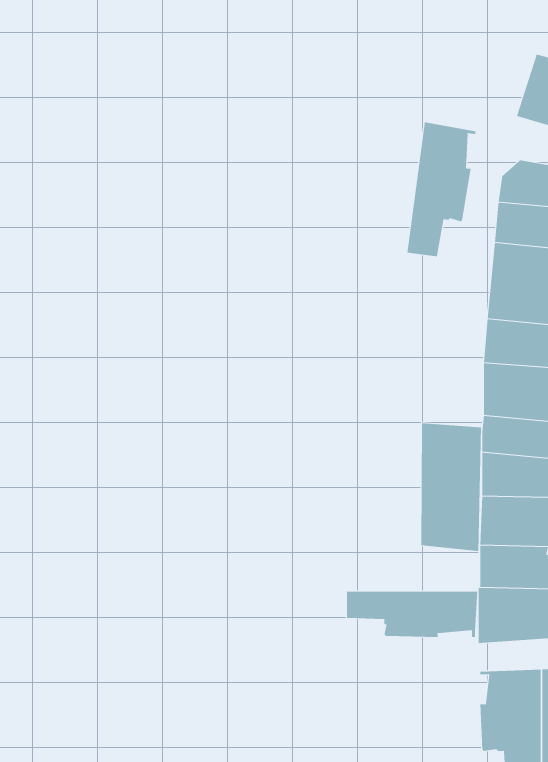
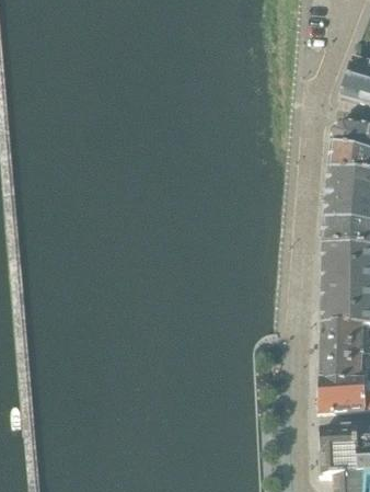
building: [407,122,476,257] -> none
building: [421,423,481,552] -> none
building: [346,591,478,638] -> none

